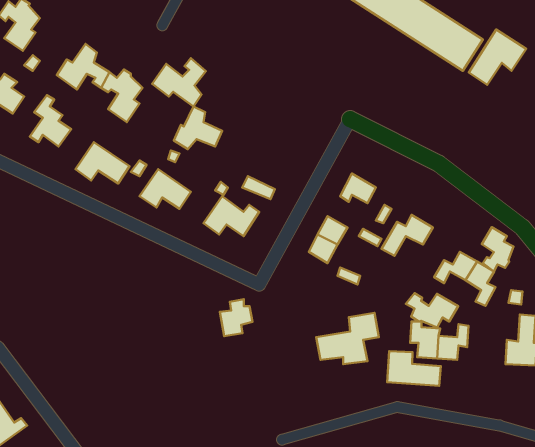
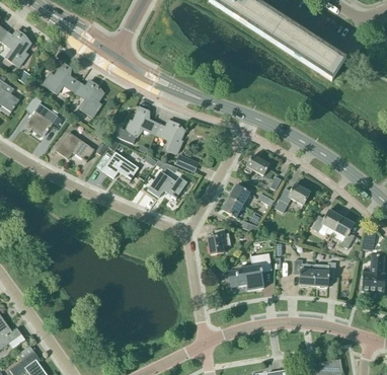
building: [469,29,526,85] -> none
building: [152,58,206,106] -> none
building: none -> [155,119,184,153]
building: [482,227,514,271] -> none
building: [406,293,458,328] -> none
building: [220,299,252,336] -> [207,227,230,253]
building: [387,351,441,386] -> none

